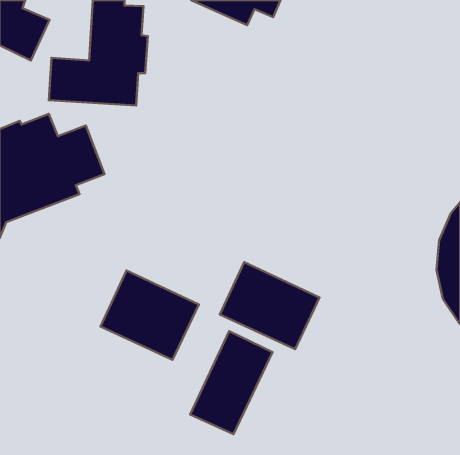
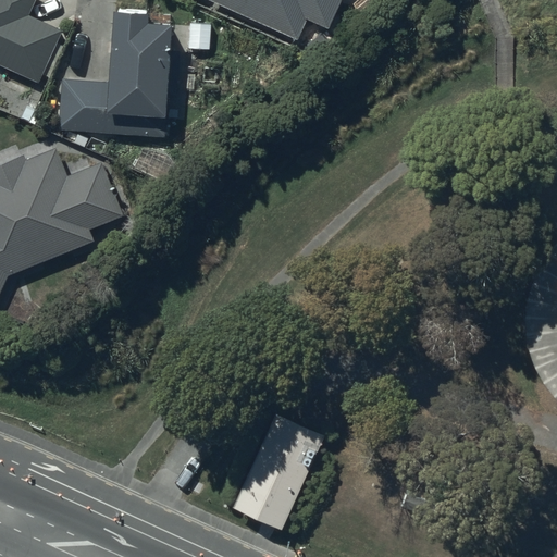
building: [220,262,320,349] -> none
building: [101,271,199,360] -> none

